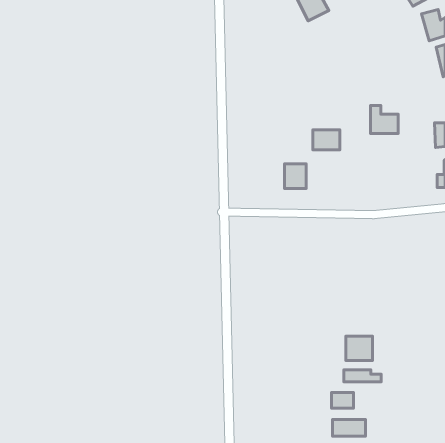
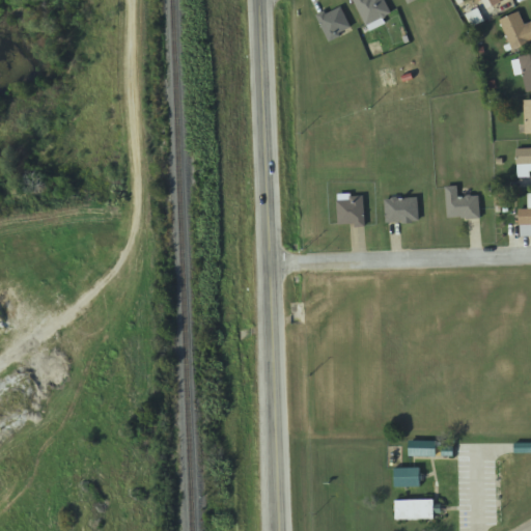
building: none -> [317,5,352,38]
building: [370,106,398,133] -> [446,185,479,218]
building: [313,130,340,150] -> [386,197,418,221]
building: [346,336,373,360] -> none

